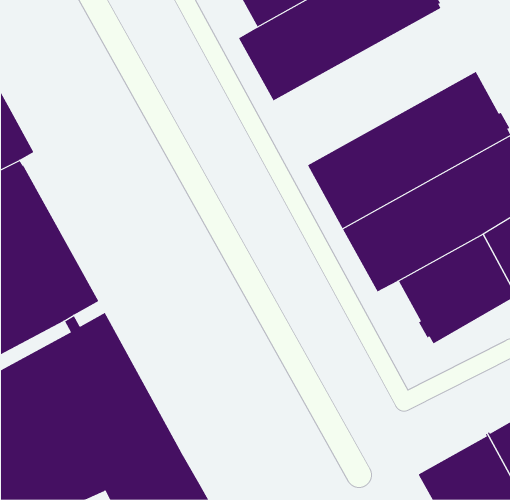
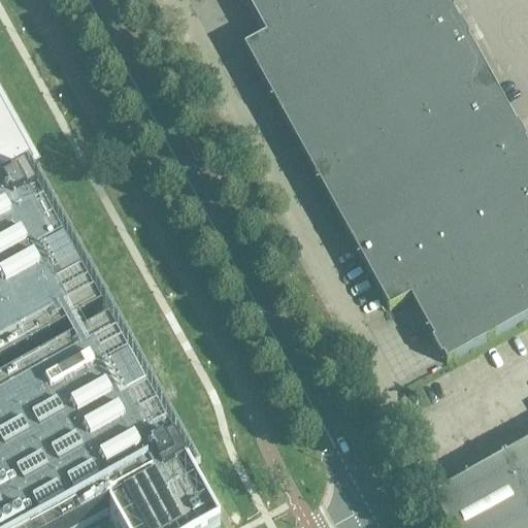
building: none -> [283,8,492,170]

